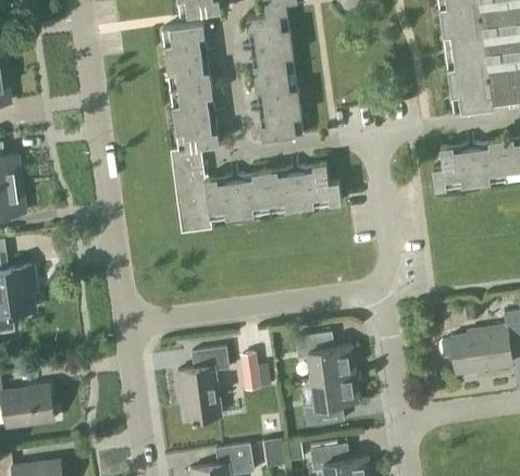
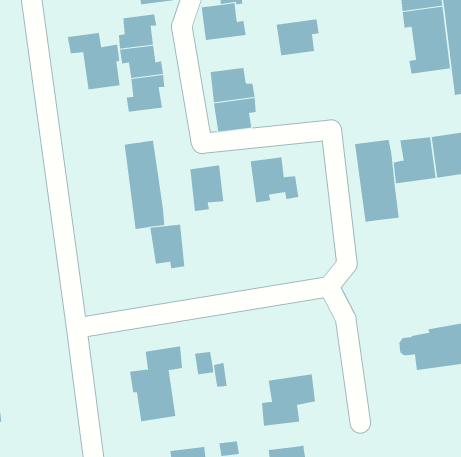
building: none -> [67,32,120,90]
building: [250,46,293,82] -> [276,19,319,56]
building: [450,78,494,113] -> none
building: [175,116,219,150] -> none
building: none -> [354,139,399,222]
building: [264,168,299,211] -> none
building: [205,176,239,220] -> [149,224,185,269]
building: [295,334,355,381] -> none

